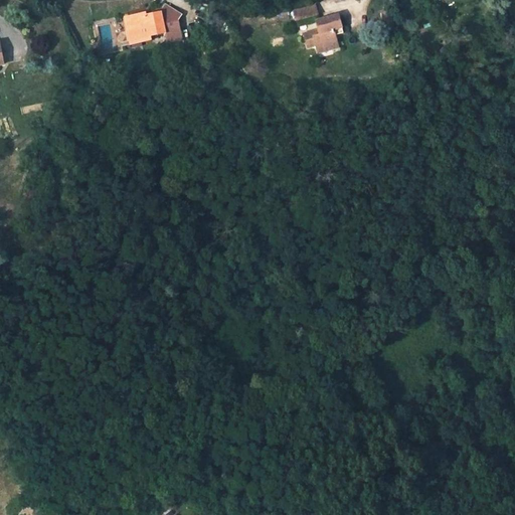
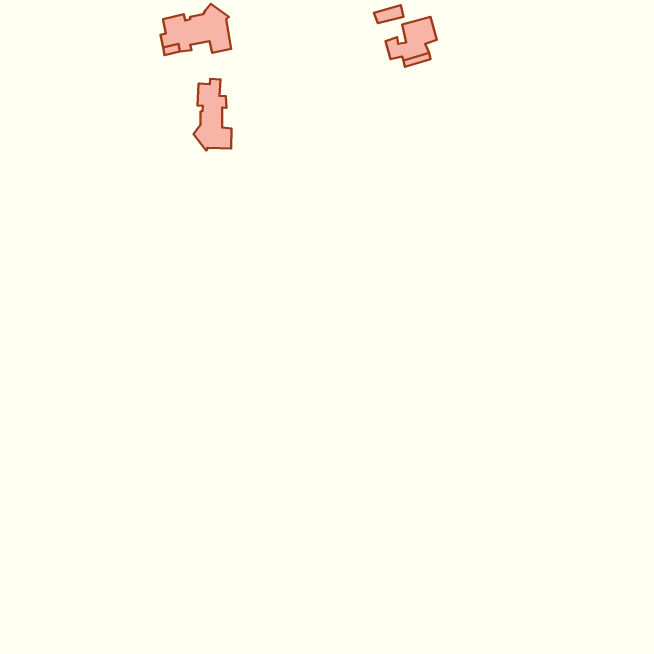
building: none -> [194,79,231,151]

